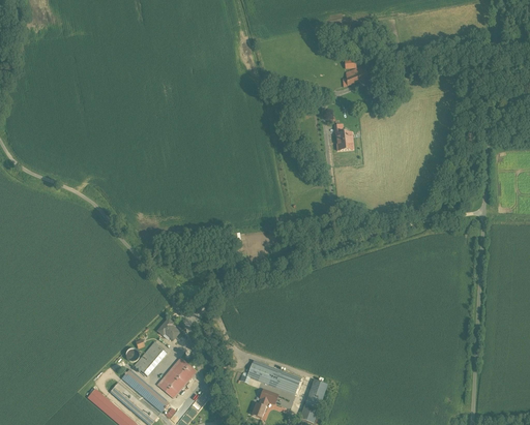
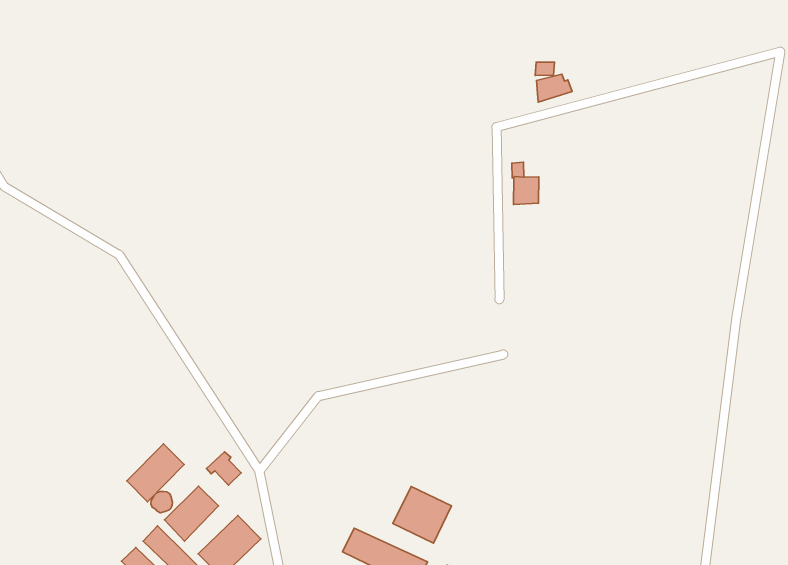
building: none -> [127,444,184,502]
building: none -> [393,486,452,543]

